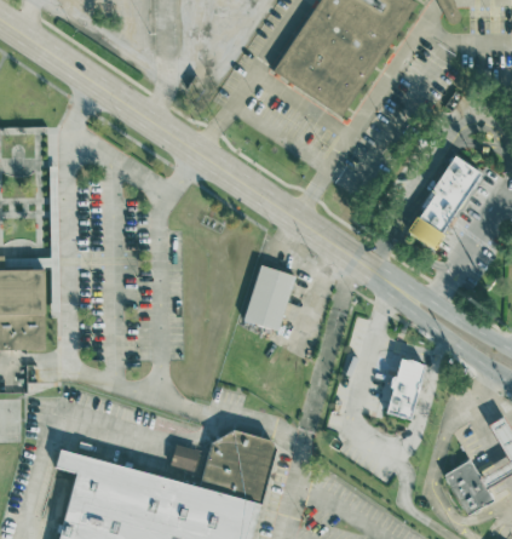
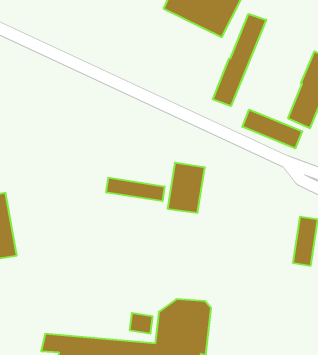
building: none -> [213,14,266,106]
building: none -> [242,110,302,148]
building: none -> [106,178,165,201]

